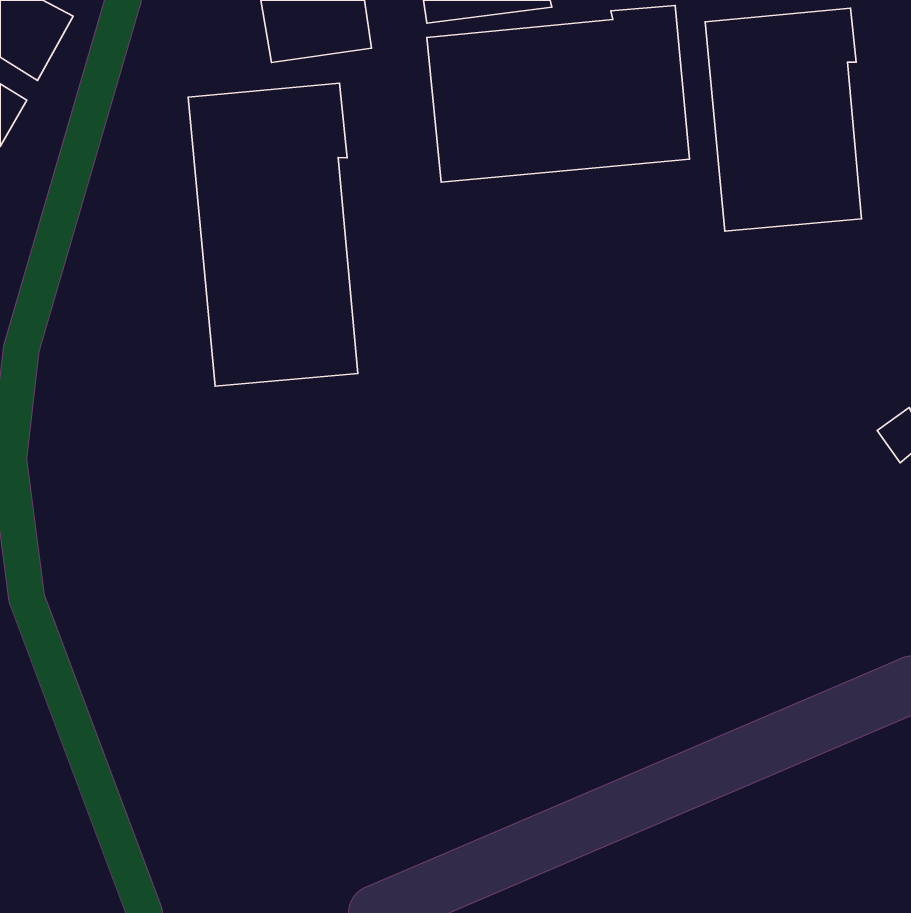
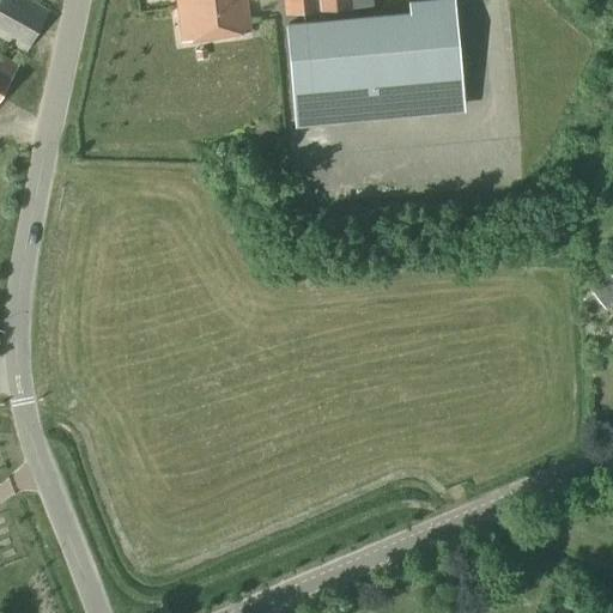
building: [705,8,862,231] -> none
building: [188,83,358,386] -> none

